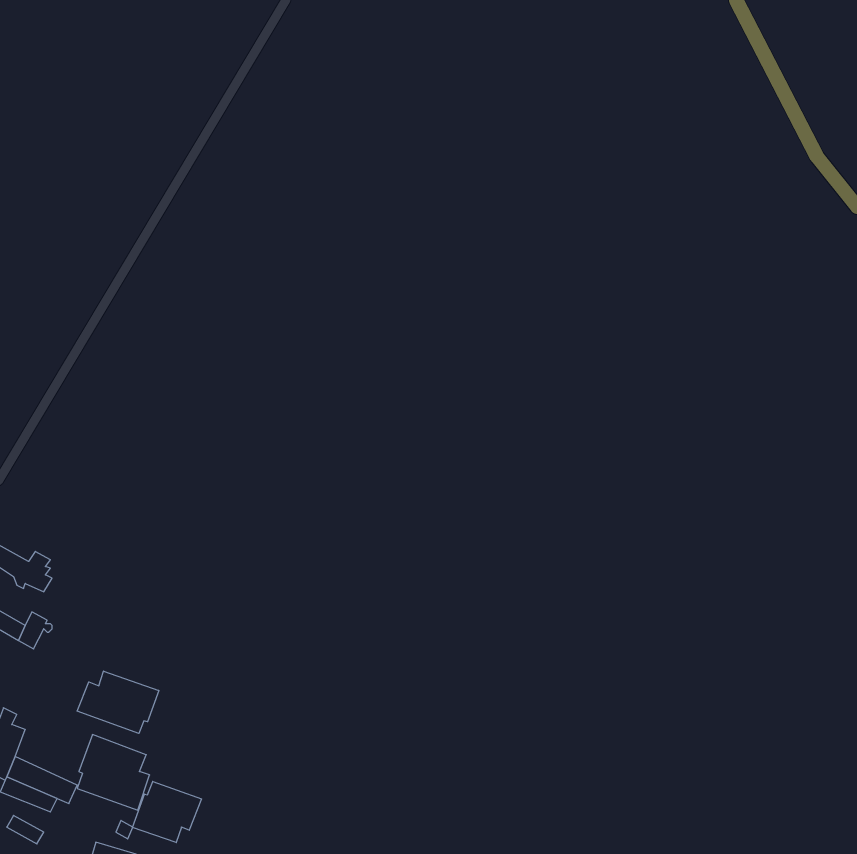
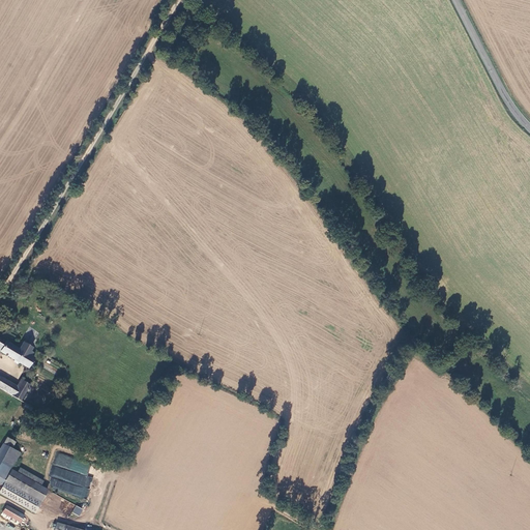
building: [77,671,159,733] -> none
building: [133,781,201,843] -> none

